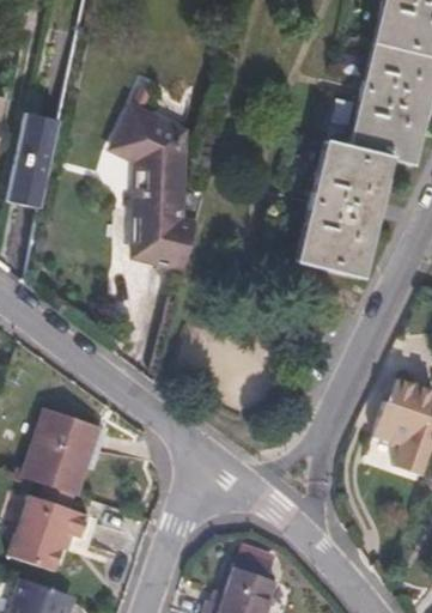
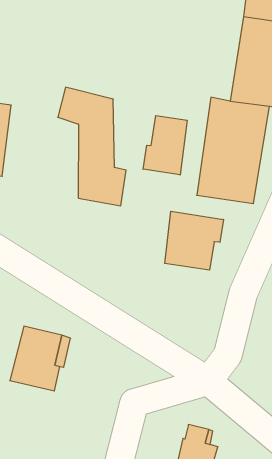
building: none -> [143,116,187,175]
building: none -> [165,211,224,270]
building: [14,499,105,573] -> none

